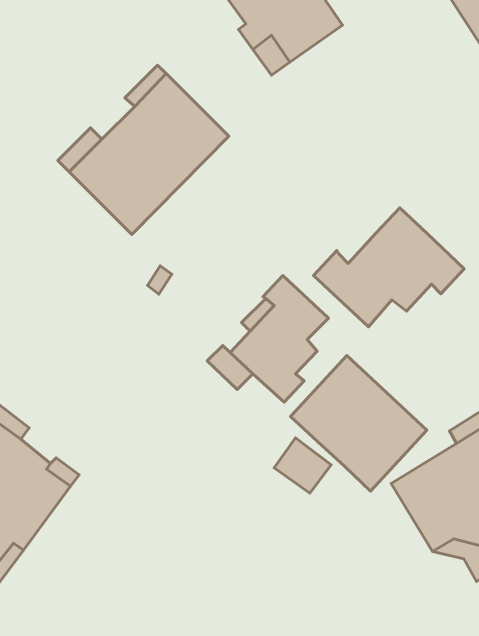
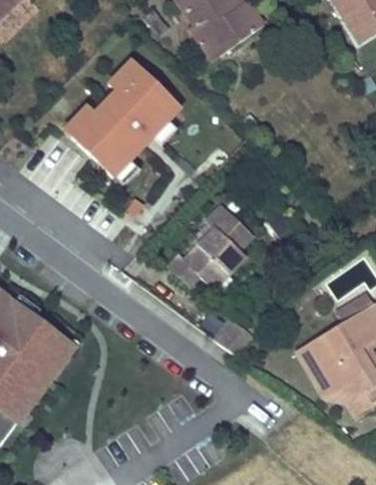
building: [313,208,464,327] -> none
building: [290,356,427,491] -> none

